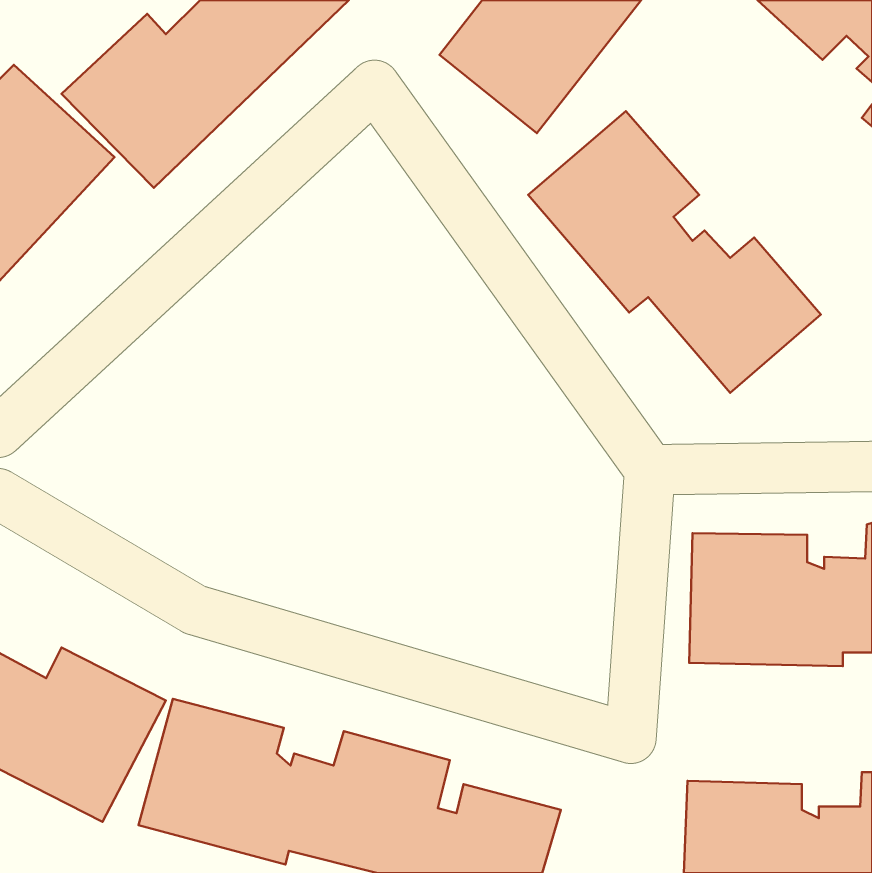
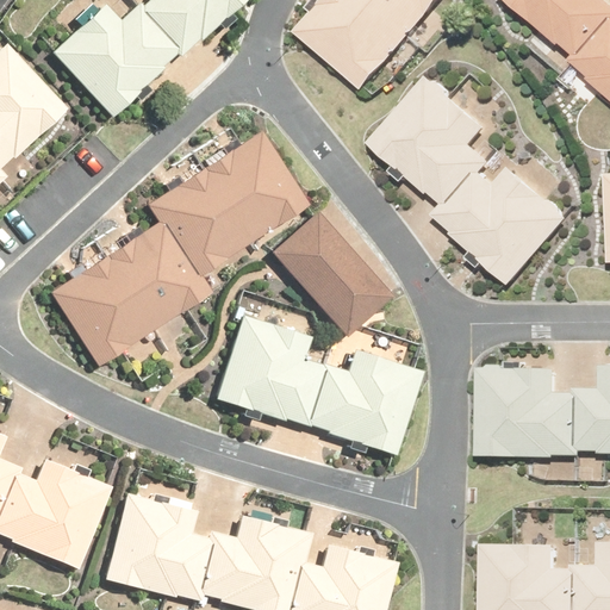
building: none -> [50,131,306,363]
building: none -> [272,210,392,335]
building: none -> [187,312,417,465]

